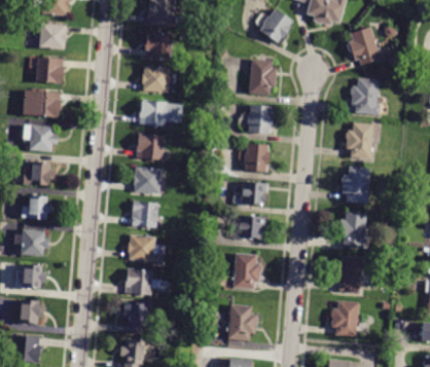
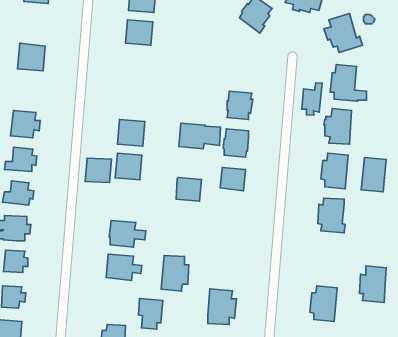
building: [38,22,66,49] -> none
building: [248,58,276,95] -> none
building: [142,65,169,93] -> none
building: [32,89,60,117] -> none
building: none -> [302,83,322,115]
building: [139,100,181,125] -> [179,123,221,149]
building: none -> [361,158,386,192]
building: [131,201,157,226] -> [85,158,112,182]
building: [238,215,263,238] -> [176,178,201,201]
building: [232,253,260,289] -> [161,256,189,291]
building: [334,255,361,292] -> [360,266,386,303]
building: [122,301,147,332] -> [139,298,163,329]

